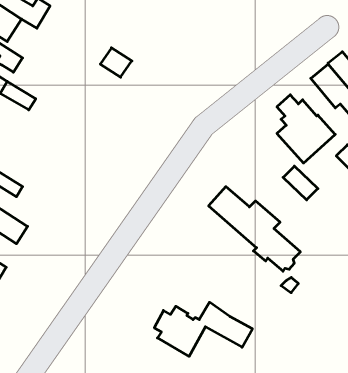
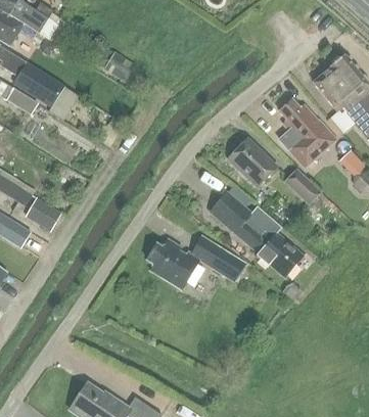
building: none -> [11,61,63,106]
building: none -> [228,138,277,187]
building: none -> [26,197,61,230]
building: [154,302,252,356] -> [147,235,245,289]

